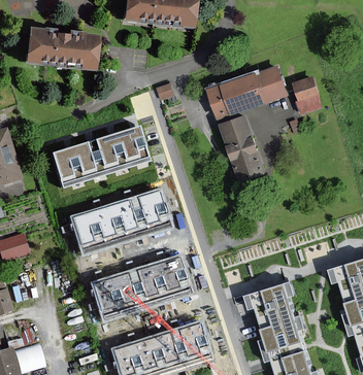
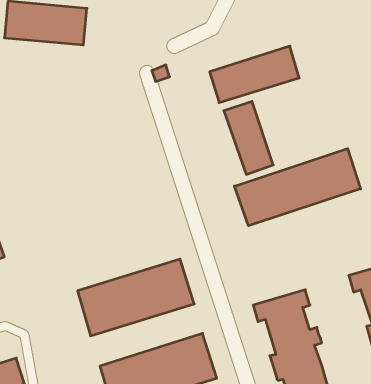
building: [293,76,320,112] -> none
building: [51,127,146,186] -> none
building: none -> [234,149,361,226]
building: [70,187,172,254] -> none

